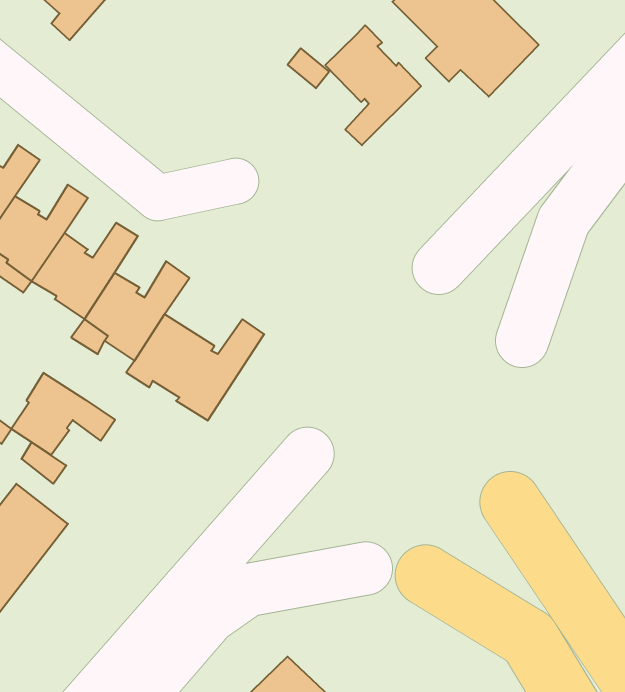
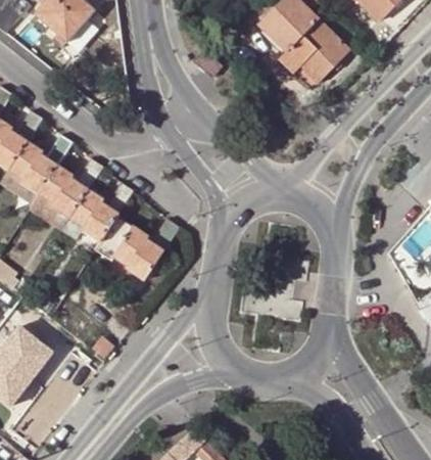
building: [325,25,421,145] -> none
building: [11,373,115,455] -> none

